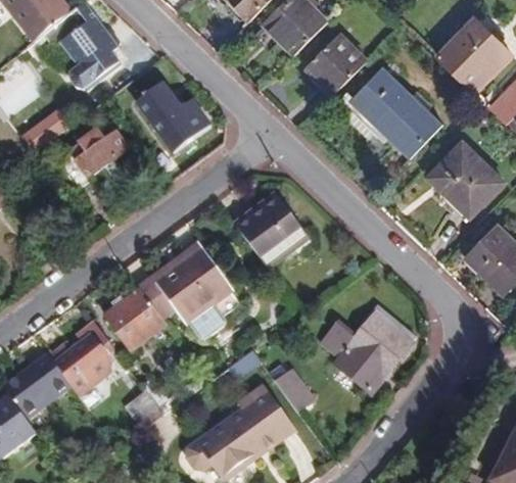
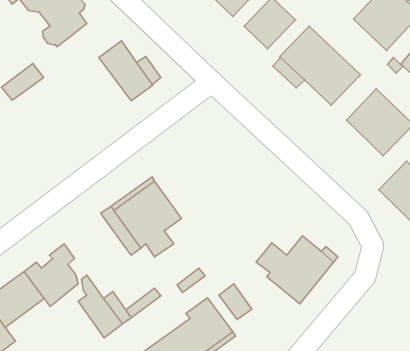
building: [57,130,129,187] -> none
building: [234,198,308,268] -> none
building: [104,288,166,350] -> none

